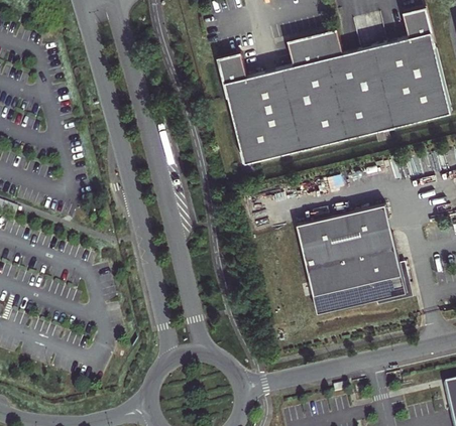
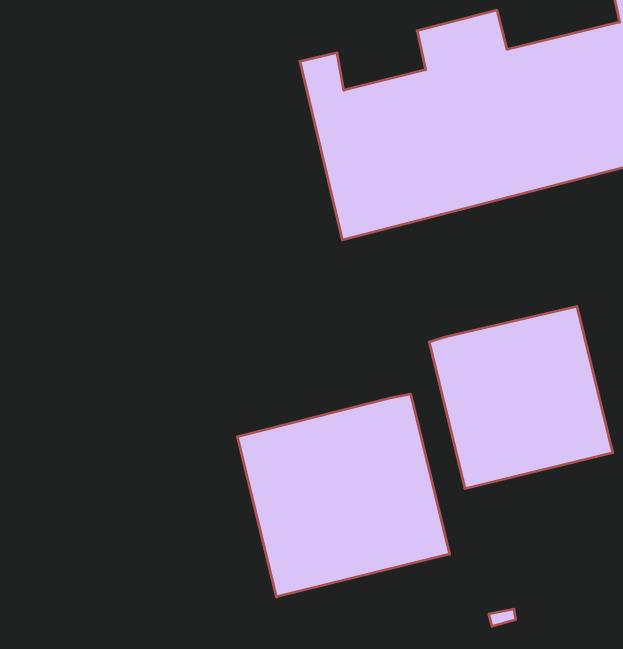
building: none -> [237,394,450,597]

